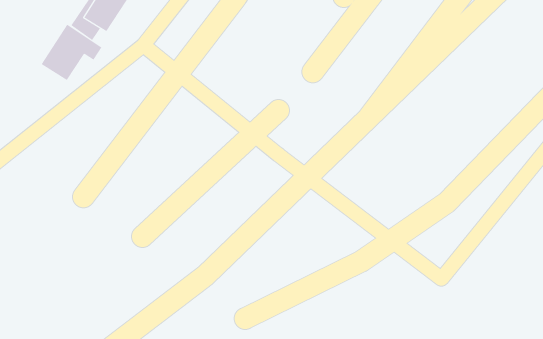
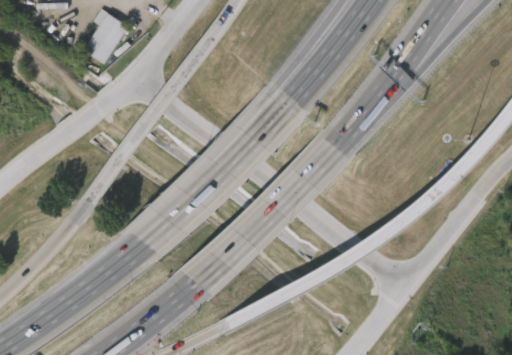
building: [41,24,102,81] -> none

